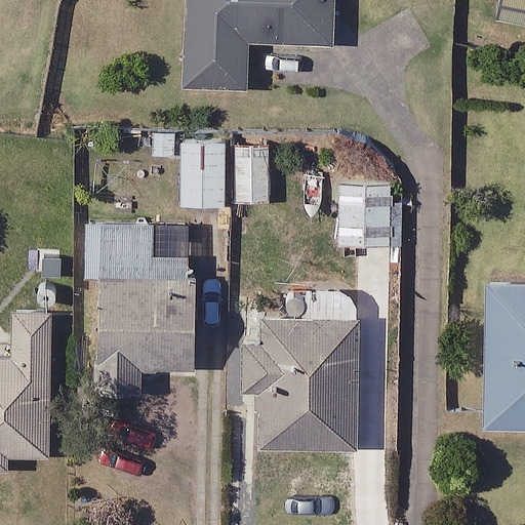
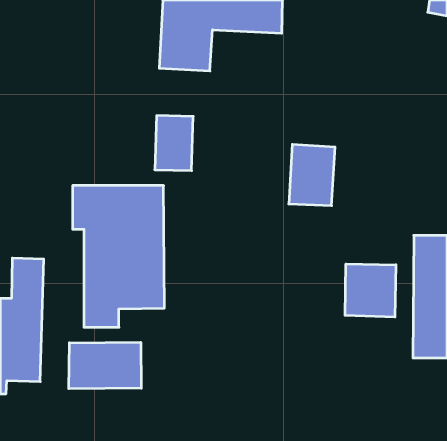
building: [240,315,357,448] -> none
building: none -> [345,264,396,317]
building: none -> [69,342,141,389]

